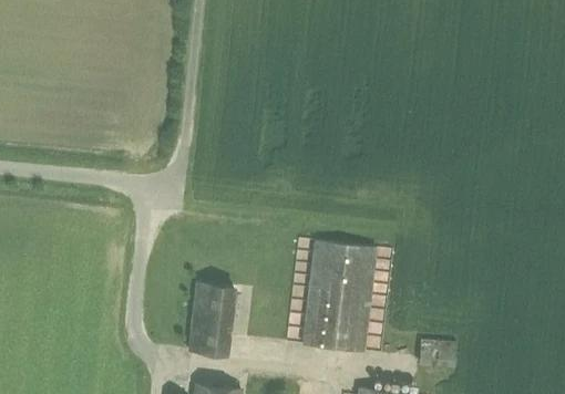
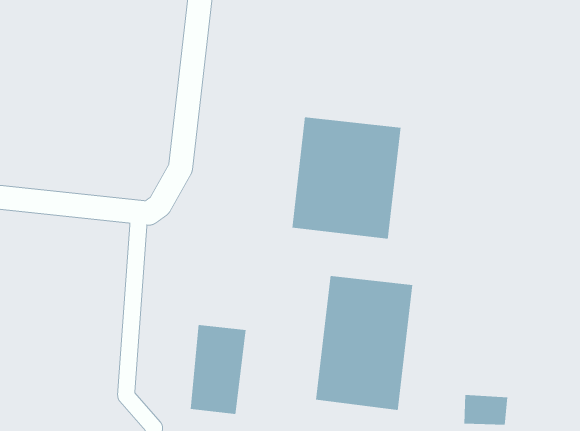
building: none -> [292,117,401,240]

